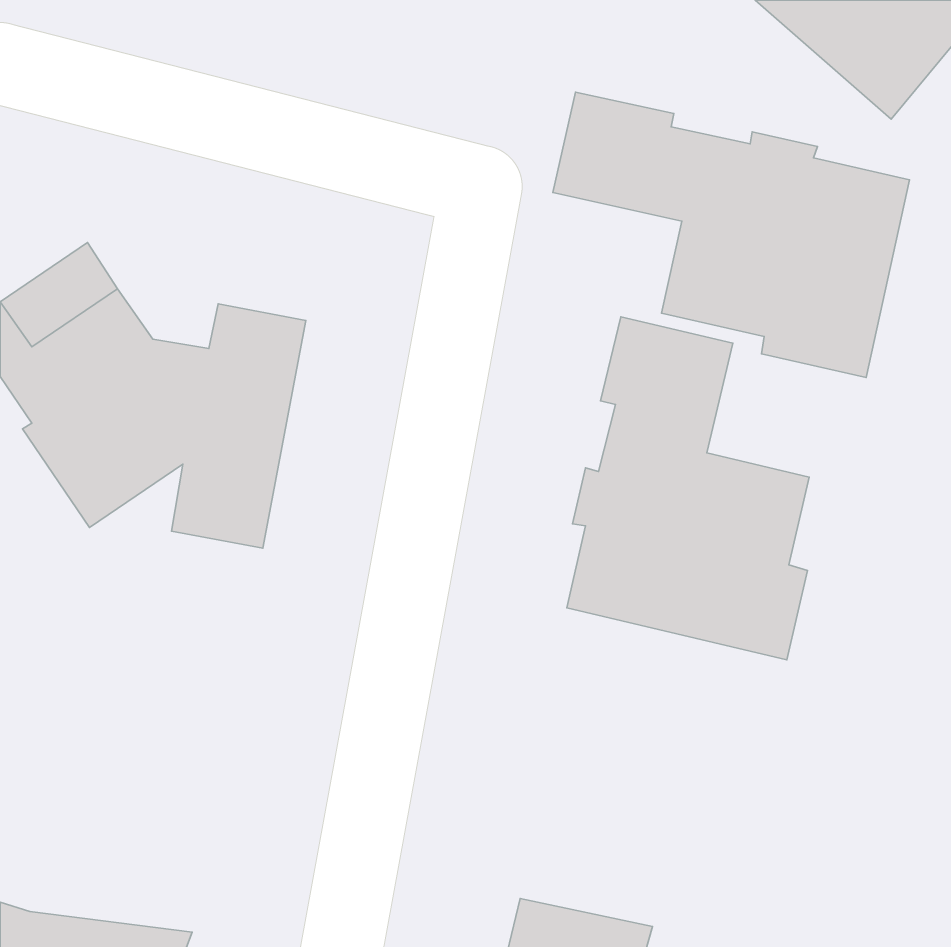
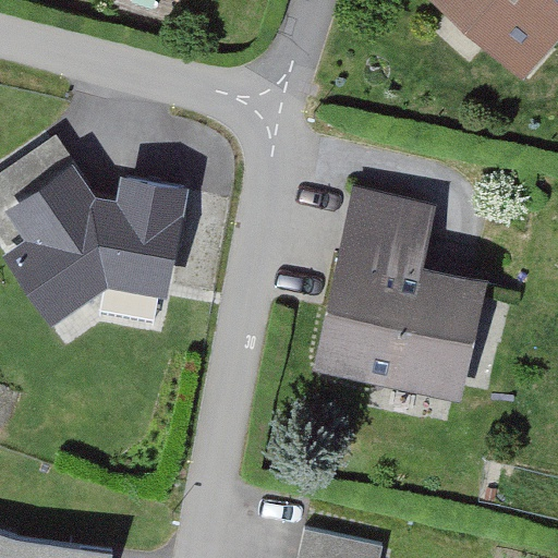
building: [553,92,909,378] -> none

